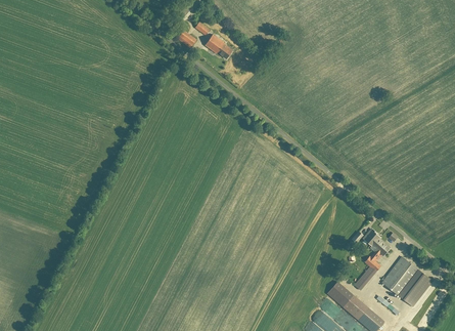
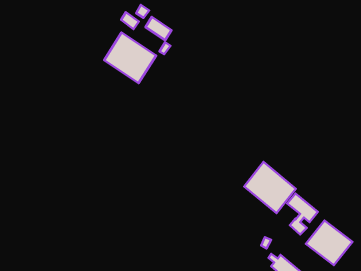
building: none -> [104,32,156,83]
building: none -> [244,162,296,213]

